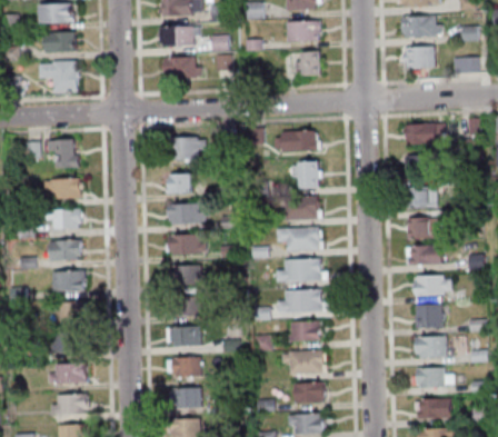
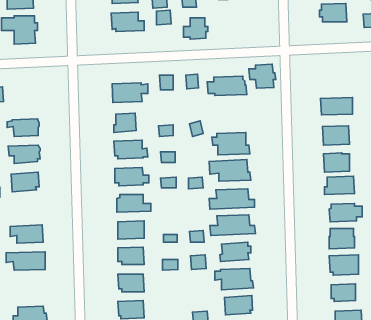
building: [295,51,322,76] -> [183,18,208,39]
building: [405,123,445,145] -> none
building: [47,139,79,169] -> none
building: [291,160,322,188] -> [249,64,276,88]
building: [52,271,86,292] -> none
building: [48,362,86,385] -> none

